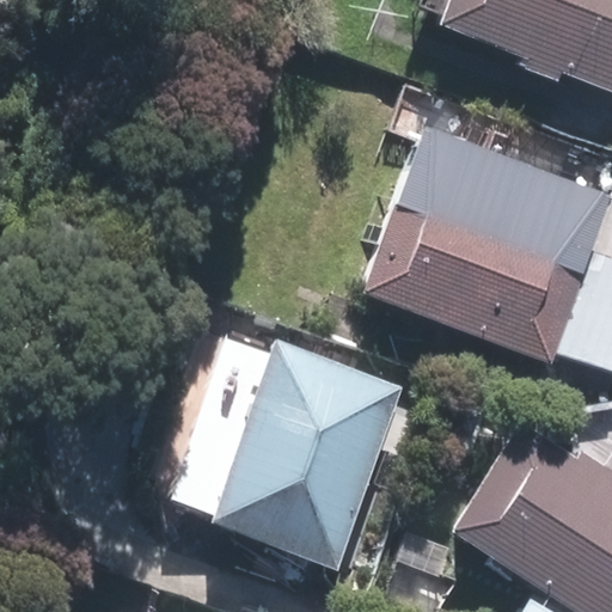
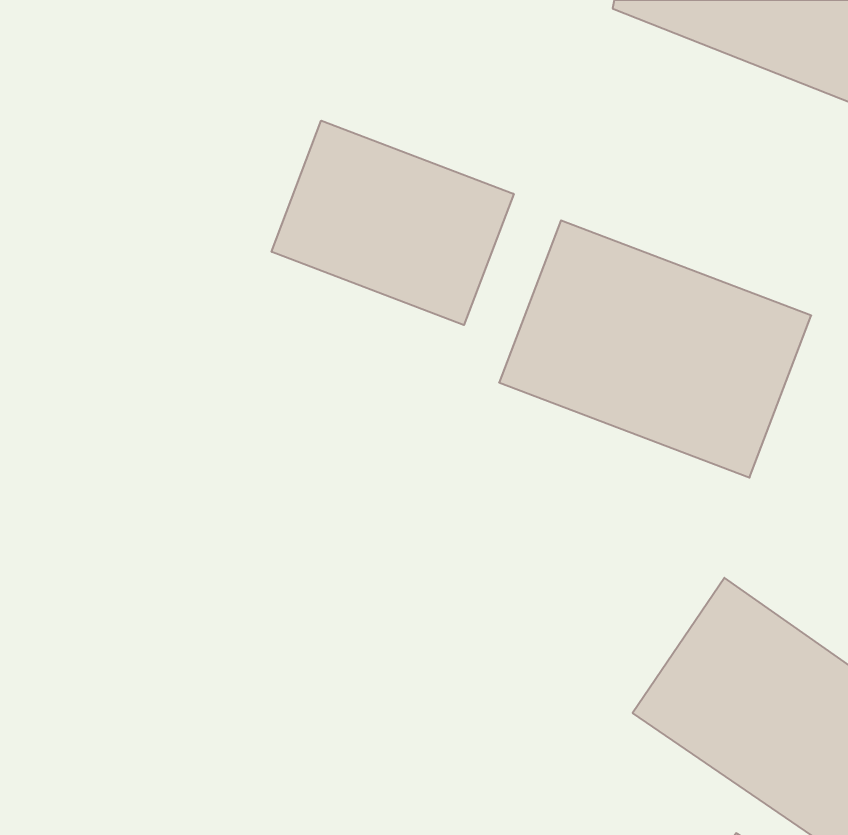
building: none -> [272,121,514,325]
building: [209,343,402,564] -> none

